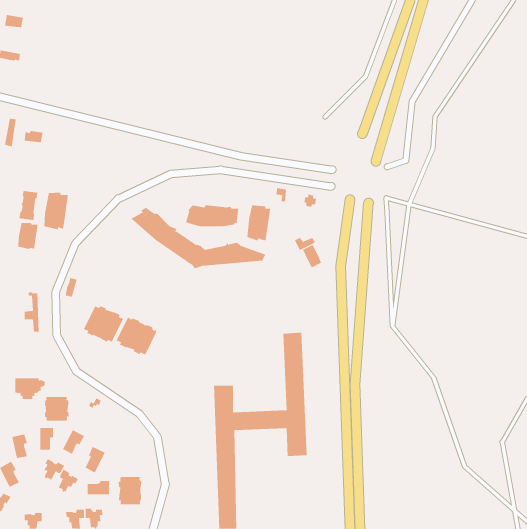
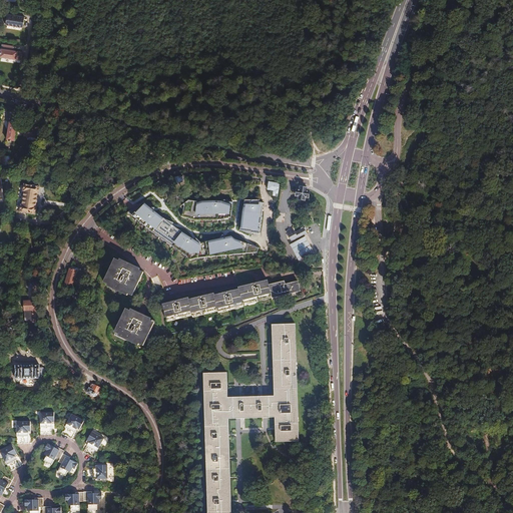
building: [44,192,68,230] -> none
building: [18,222,38,250] -> none
building: none -> [160,280,299,317]
building: [83,305,124,343] -> [102,258,141,294]
building: [44,396,69,421] -> none
building: [118,476,142,505] -> none

